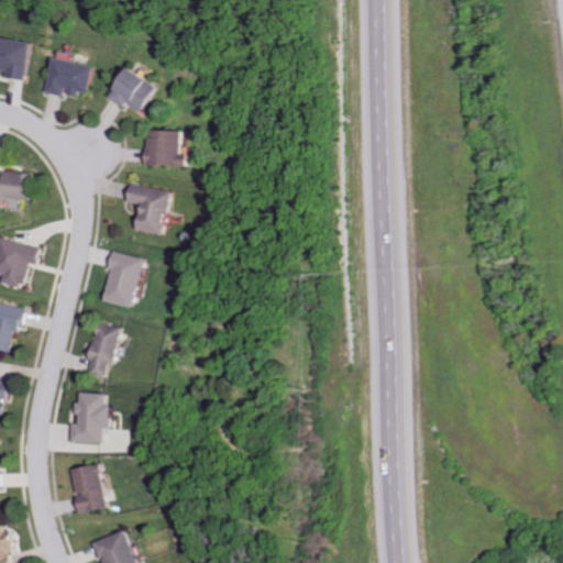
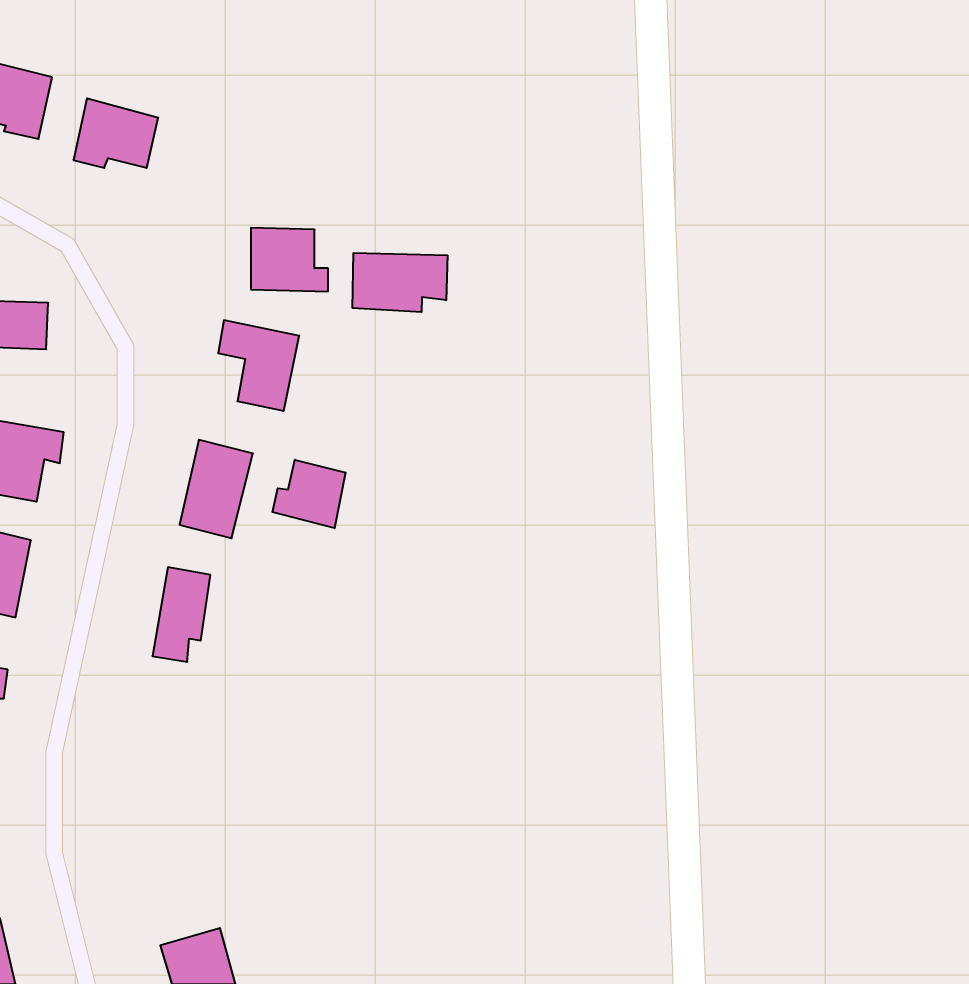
building: [106,67,156,112] -> none
building: none -> [353,253,447,312]
building: none -> [272,460,346,528]
building: [69,393,112,443] -> none
building: [69,465,104,512] -> none

